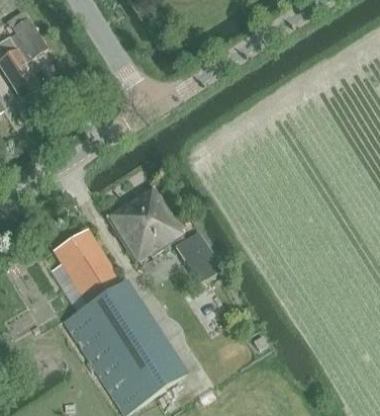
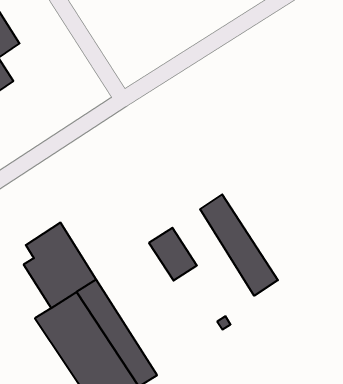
building: [106,185,183,261] -> none
building: none -> [200,194,278,296]

